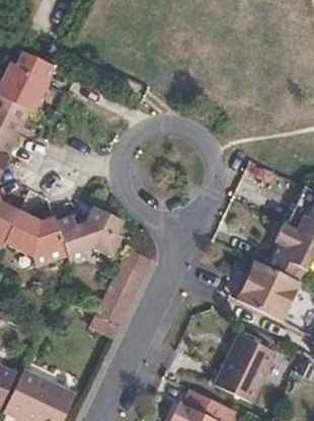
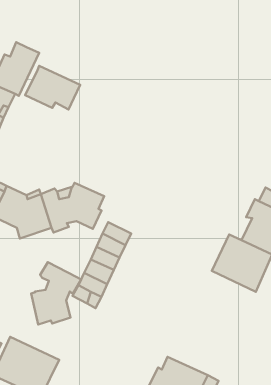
building: none -> [25,66,80,109]
building: none -> [31,262,81,324]
building: [216,333,278,402] -> none

